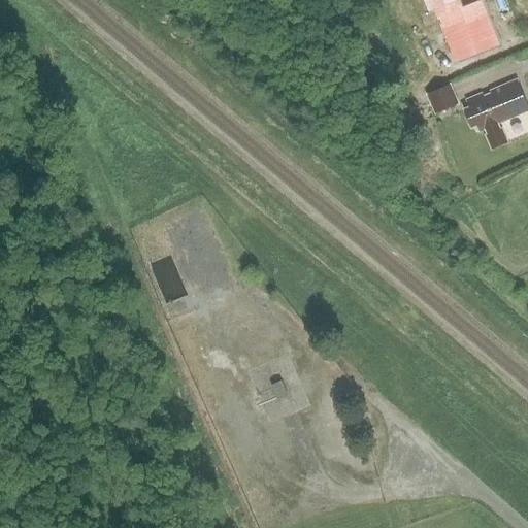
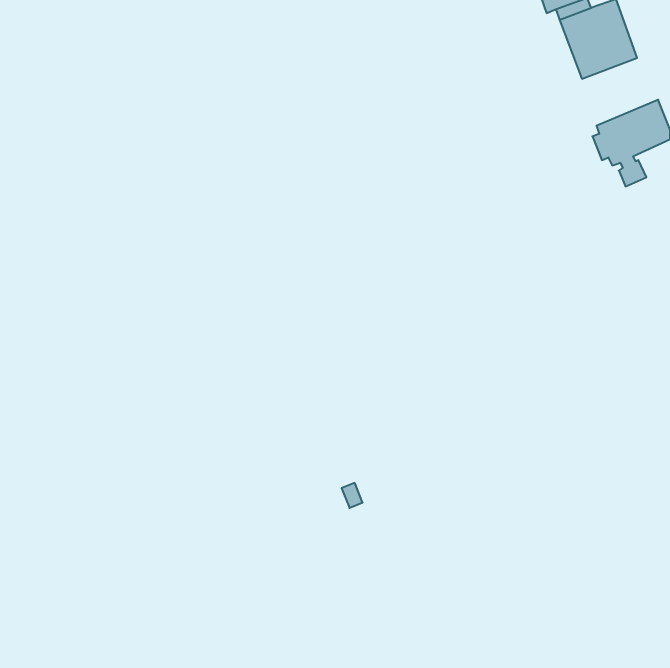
building: [425,82,456,111] -> none

